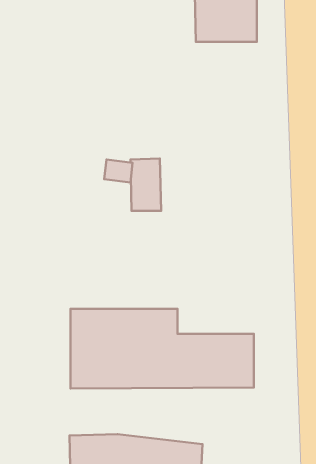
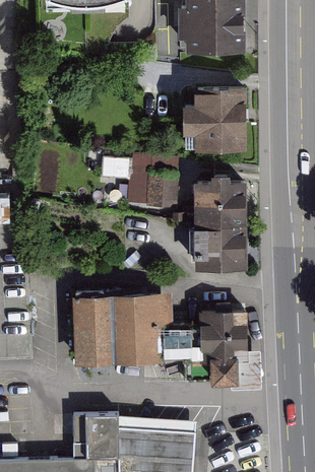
building: none -> [194,93,244,149]
building: none -> [196,187,246,271]

